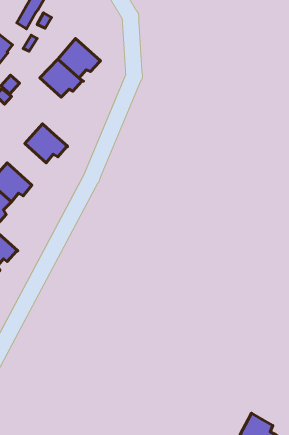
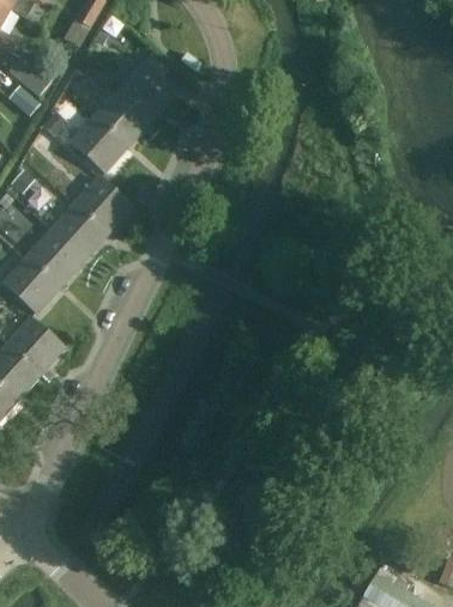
building: none -> [71,115,123,174]
building: none -> [50,204,103,260]

